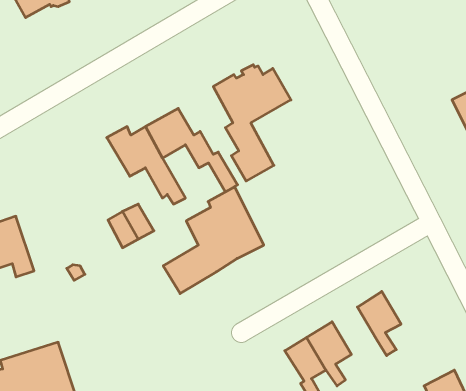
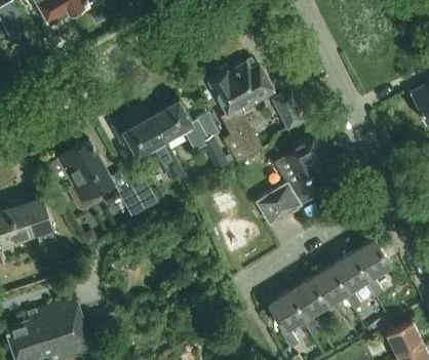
building: none -> [272,90,305,128]
building: none -> [51,139,112,211]
building: [163,187,264,294] -> [256,134,341,225]
building: none -> [350,240,391,295]
building: none -> [308,268,346,322]

